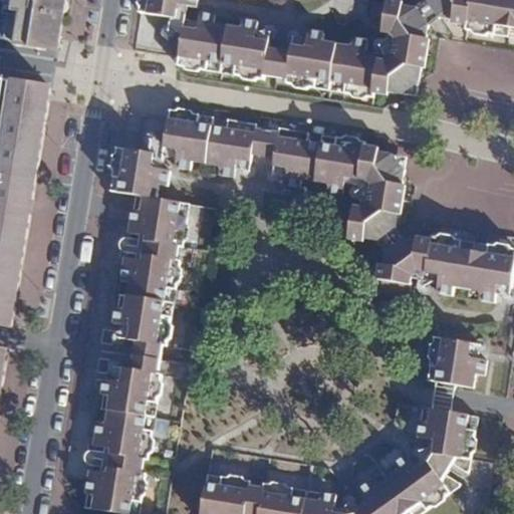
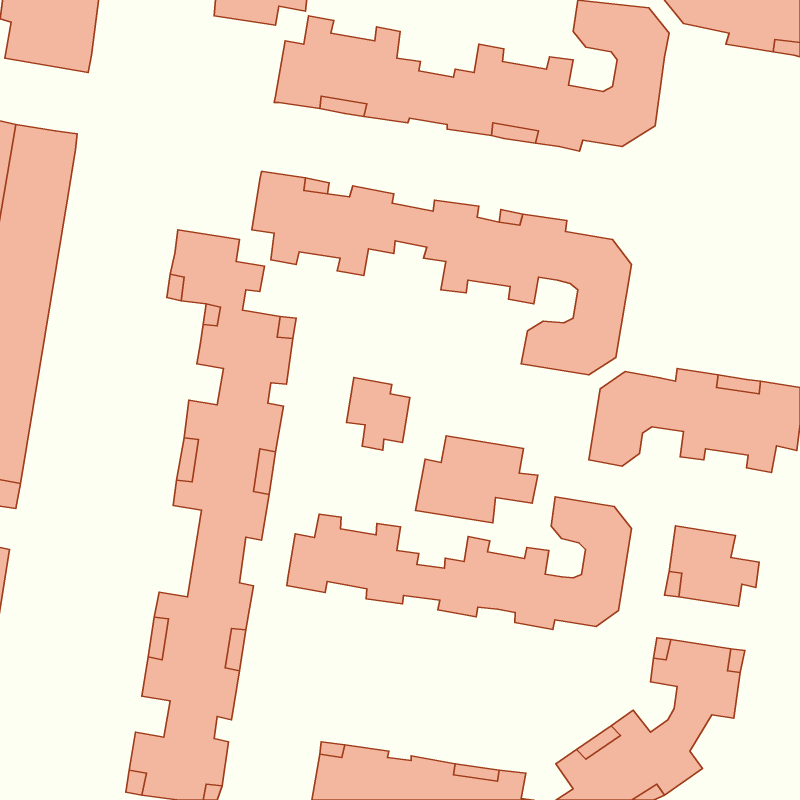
building: none -> [347,377,410,450]
building: none -> [416,436,538,523]
building: none -> [287,497,631,629]

